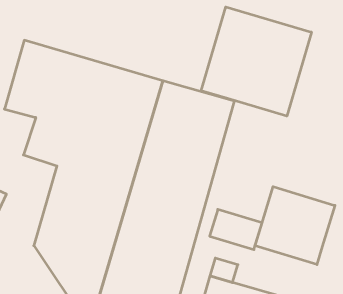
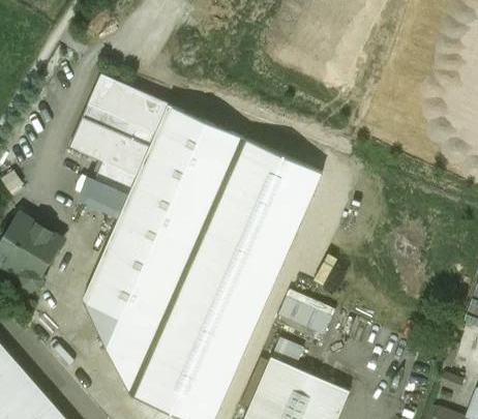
building: [201,7,311,116] -> none
building: [255,187,335,265] -> none

